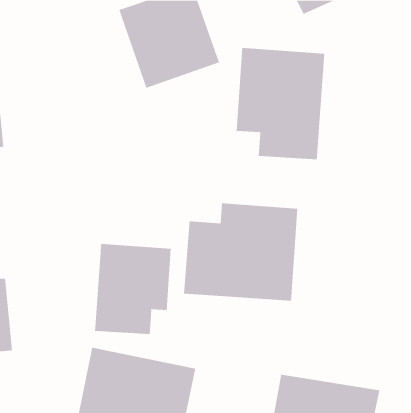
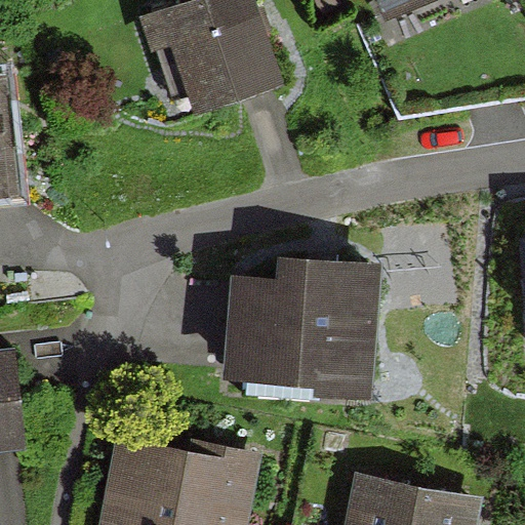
building: [236,47,325,160] -> none
building: [95,243,171,335] -> none

